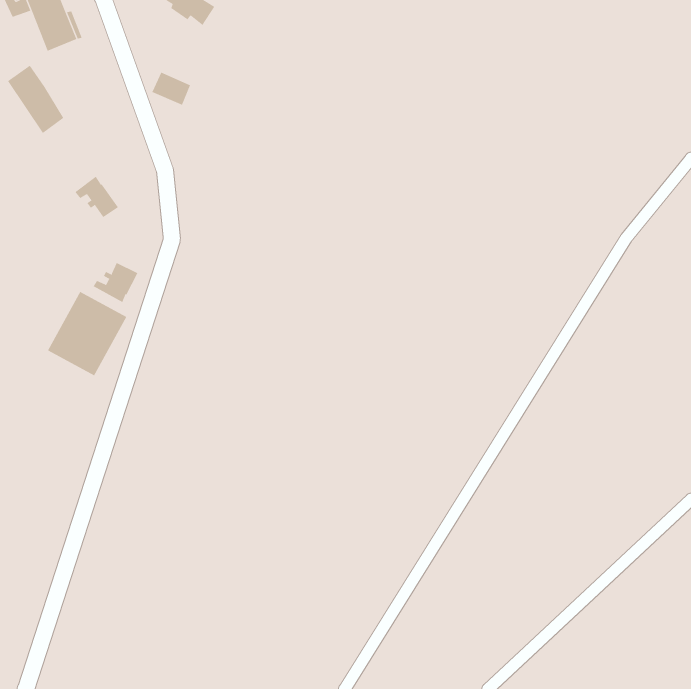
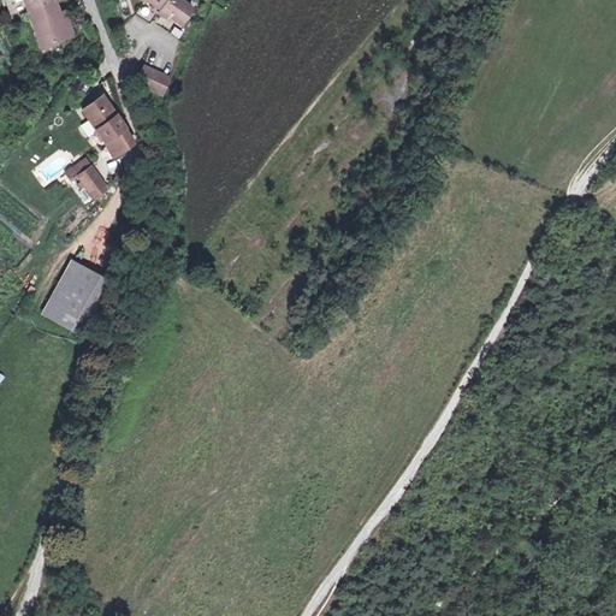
building: [7,65,64,134] -> [82,94,132,155]
building: [93,262,138,303] -> none

